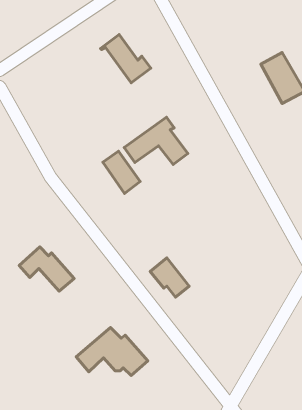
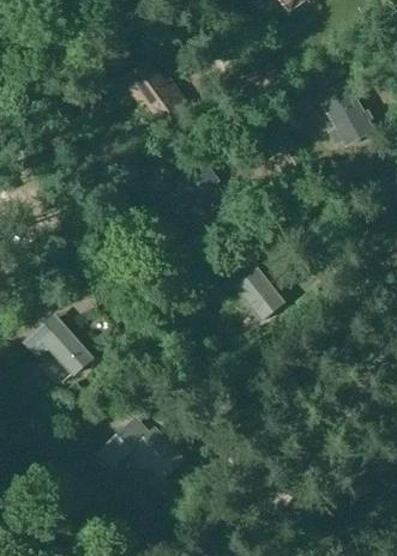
building: [103,151,140,193] -> none
building: [150,258,189,297] -> [236,268,284,316]

